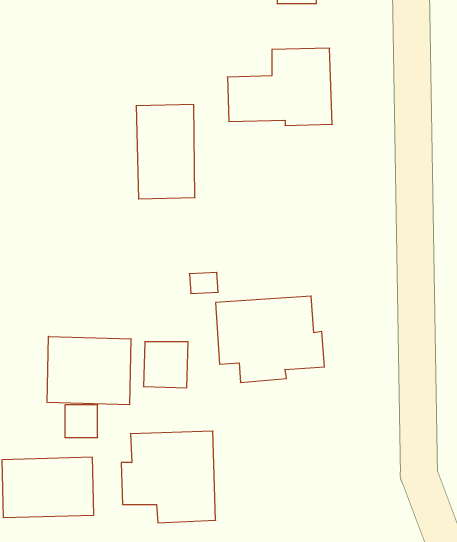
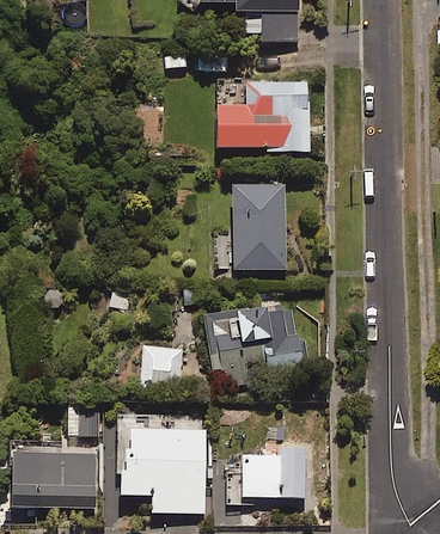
building: [136,105,195,199] -> [232,184,286,270]
building: [47,336,131,405] -> none
building: none -> [240,454,304,497]

